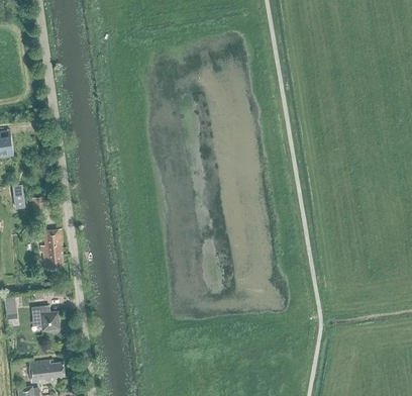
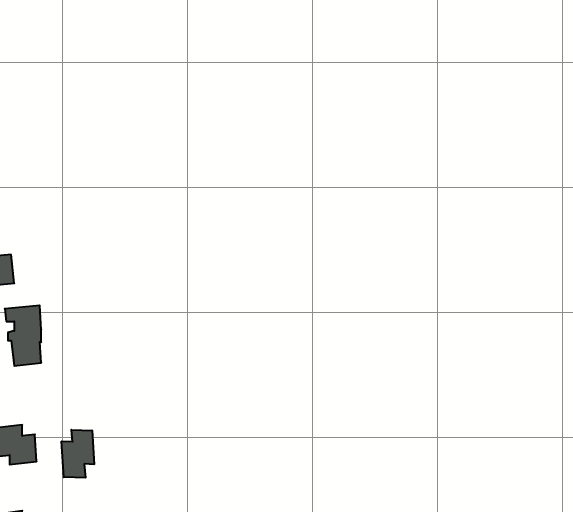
building: none -> [62,430,94,478]

